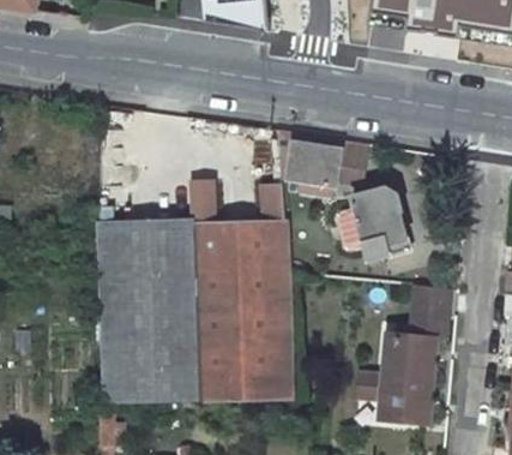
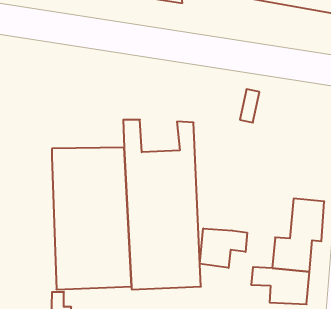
building: [282,131,341,187] -> none
building: [354,188,409,258] -> none
building: none -> [200,228,247,268]

